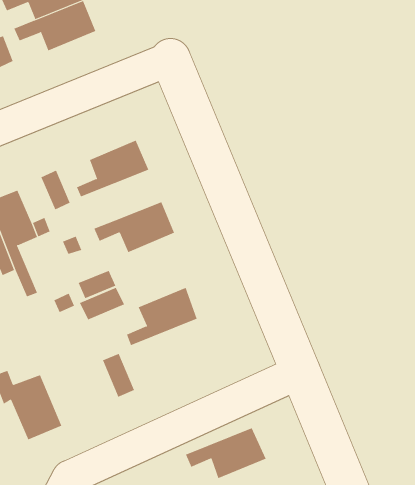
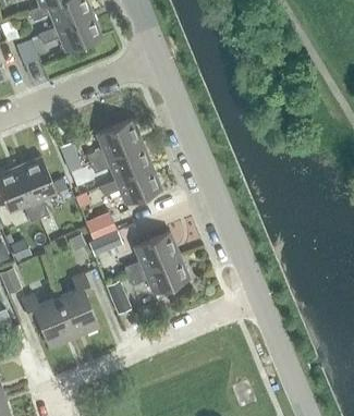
building: none -> [89,142,151,180]
building: none -> [59,272,99,337]
building: [185,427,267,479] -> [127,255,190,294]

